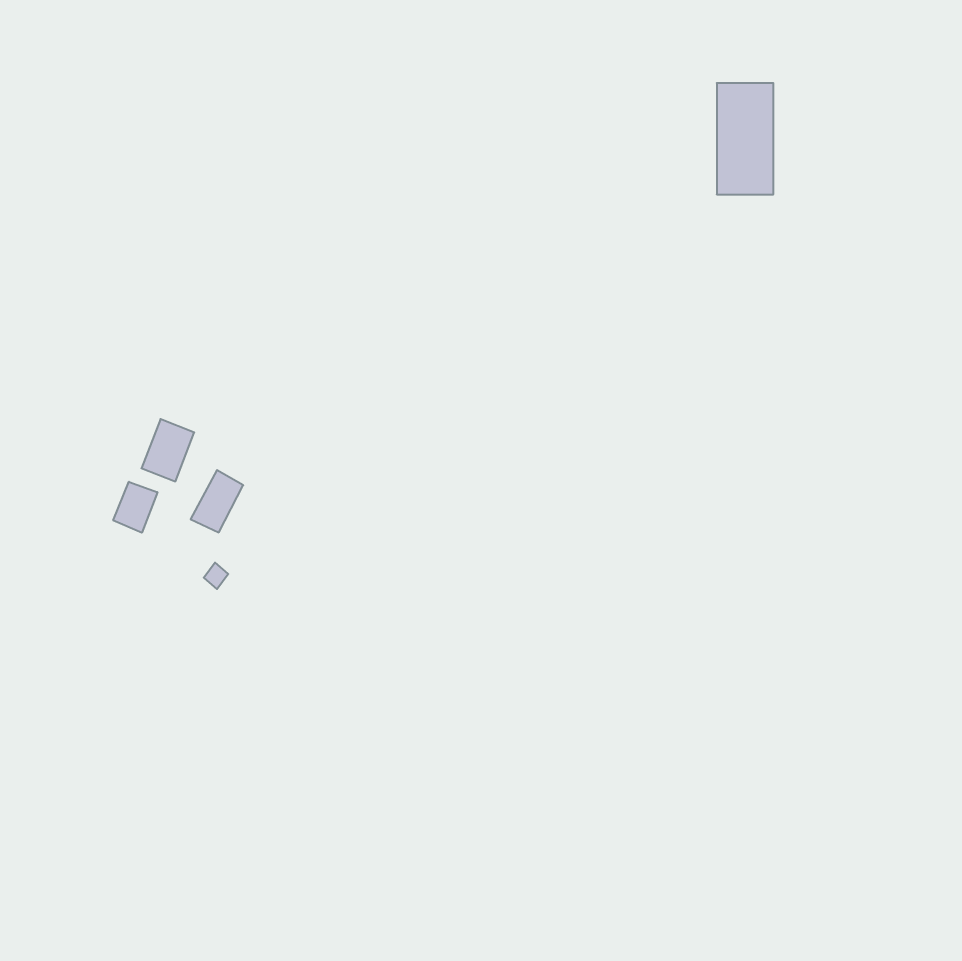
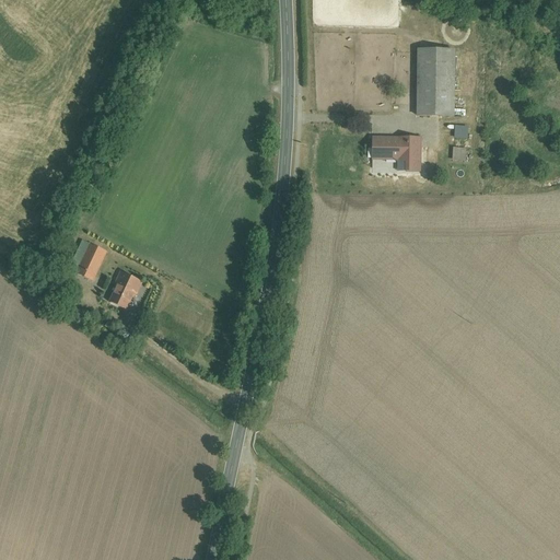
building: none -> [371,135,421,175]
building: [113,482,157,533] -> none

